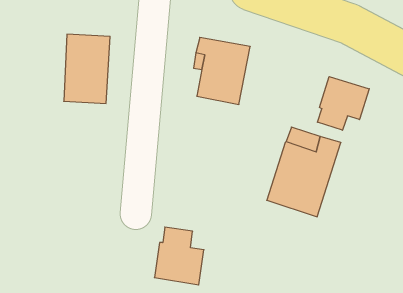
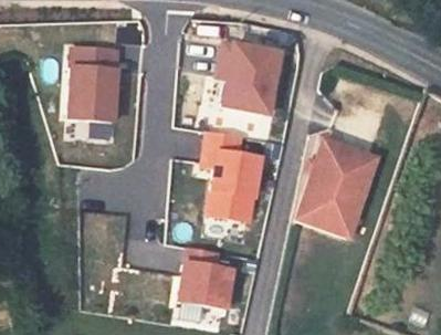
building: [317,77,369,130] -> none
building: none -> [210,126,270,214]

